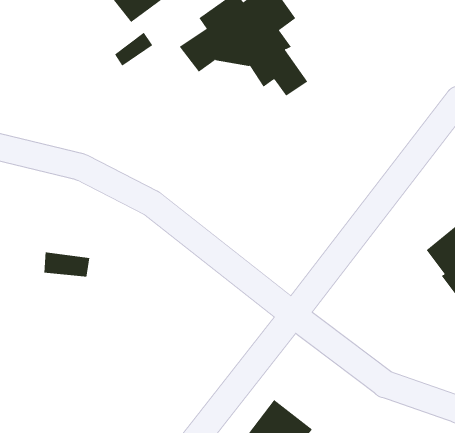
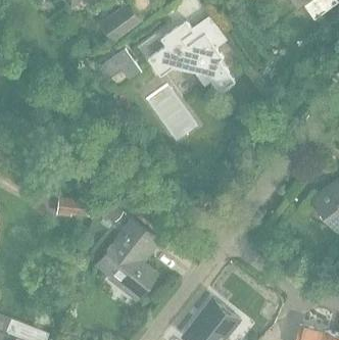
building: none -> [96,220,158,297]

